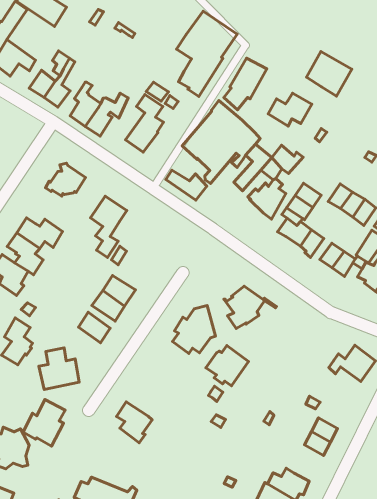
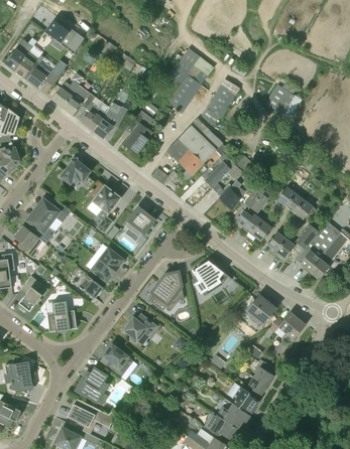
building: [268,93,312,126] -> none
building: none -> [124,208,153,241]
building: none -> [245,294,275,324]
building: [206,346,249,386] -> [122,313,155,344]
building: [23,400,65,446] -> [75,365,108,402]
building: none -> [229,386,257,414]

